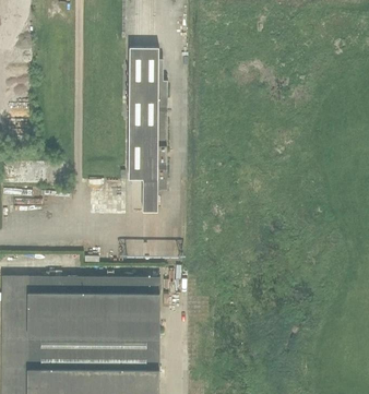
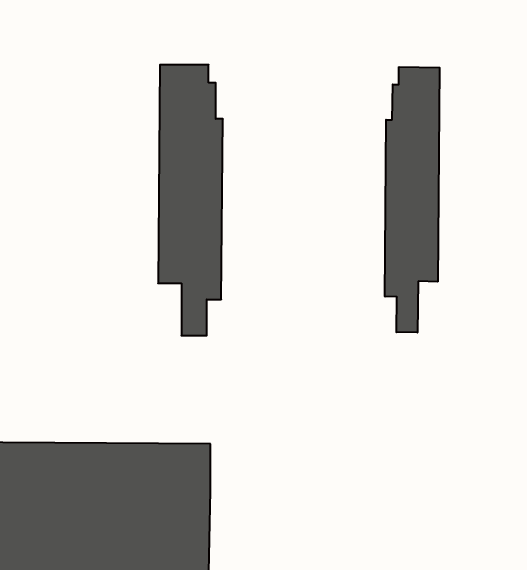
building: none -> [385,67,440,333]

